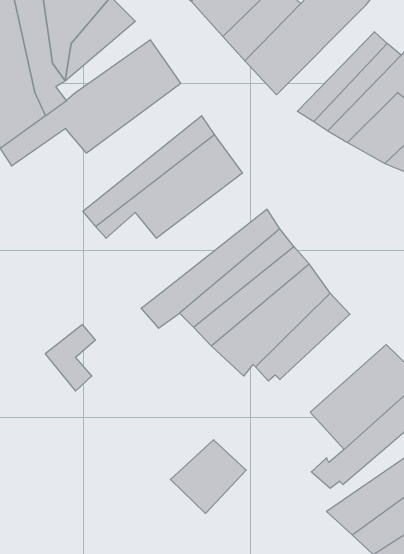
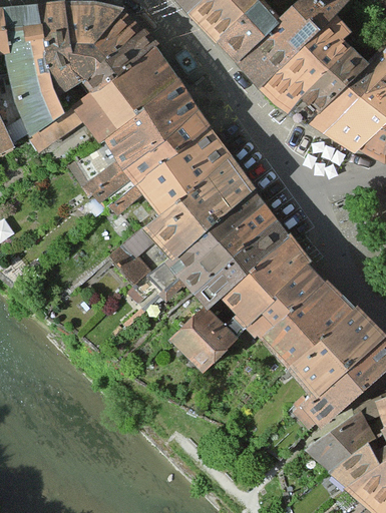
building: none -> [264,15,356,106]
building: none -> [82,29,155,91]
building: none -> [74,82,200,192]
building: none -> [143,159,256,259]
building: none -> [267,281,358,365]
building: [45,325,95,391] -> [107,231,150,289]
building: [170,440,246,513] -> [170,308,236,371]

